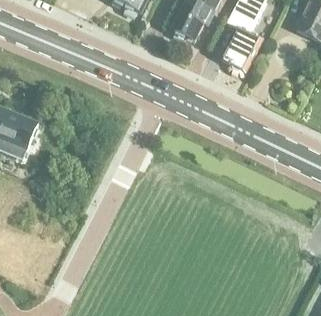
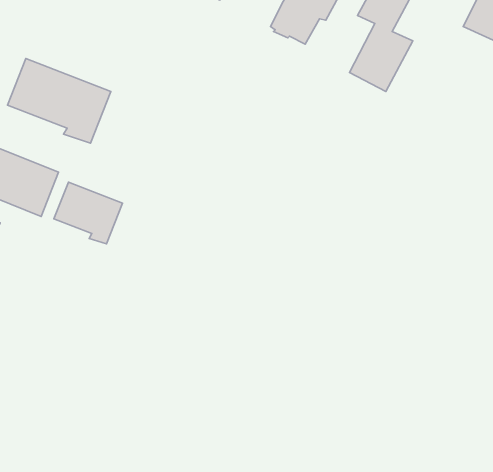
building: none -> [8,58,111,143]
building: none -> [54,182,123,244]

